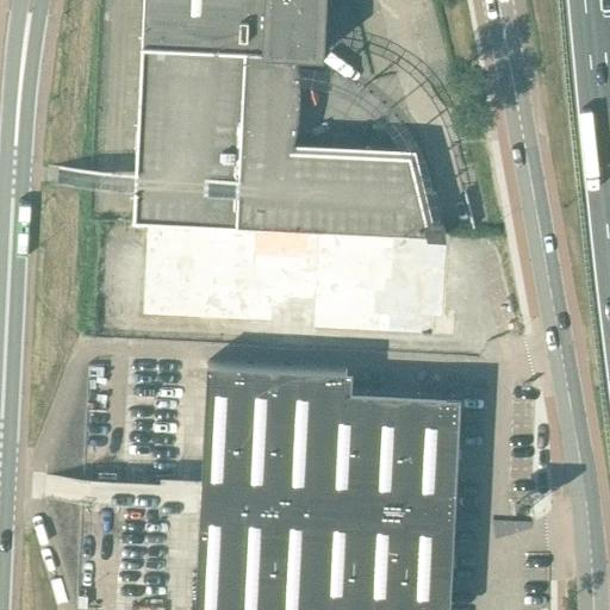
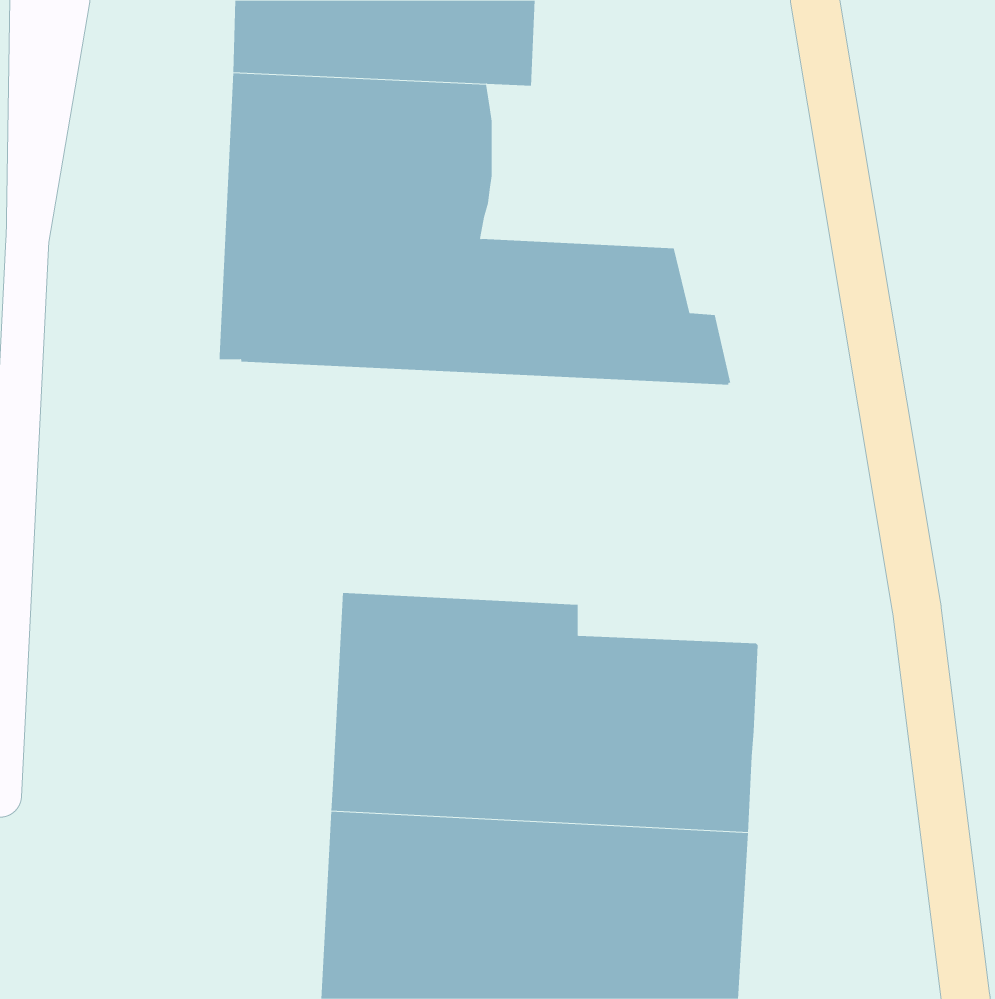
building: [144,220,450,335] -> none

